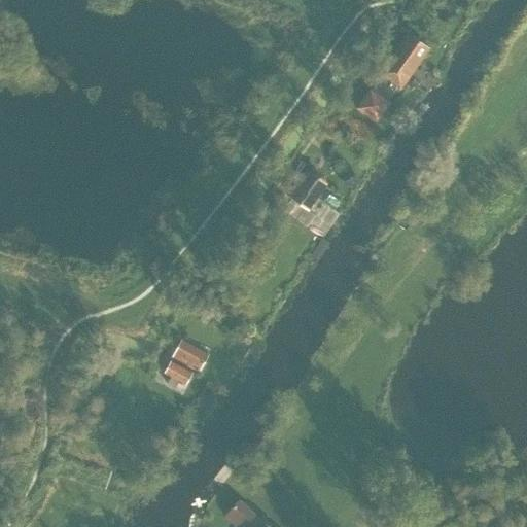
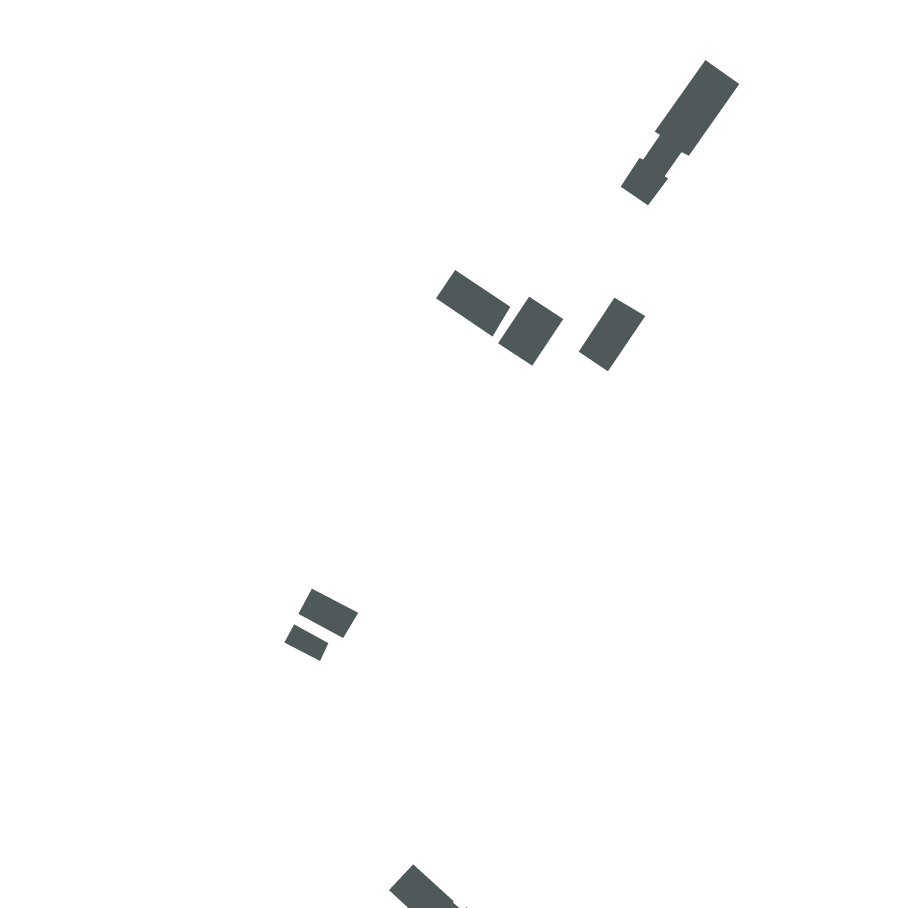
building: none -> [435,269,511,338]
building: none -> [577,297,647,372]

